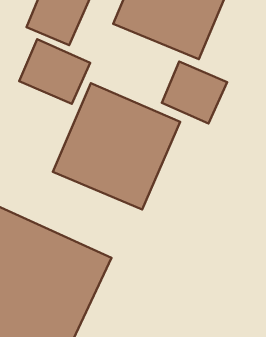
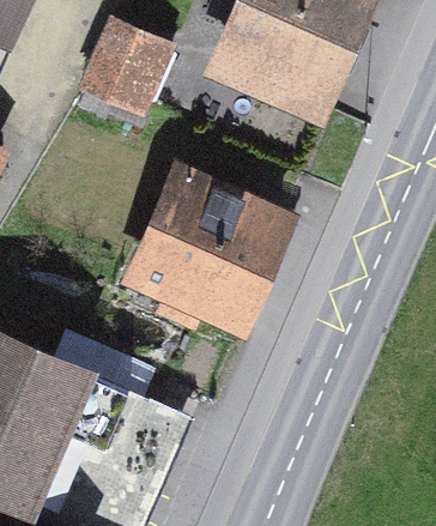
building: [19,39,90,104] -> none
building: [162,62,227,123] -> none

